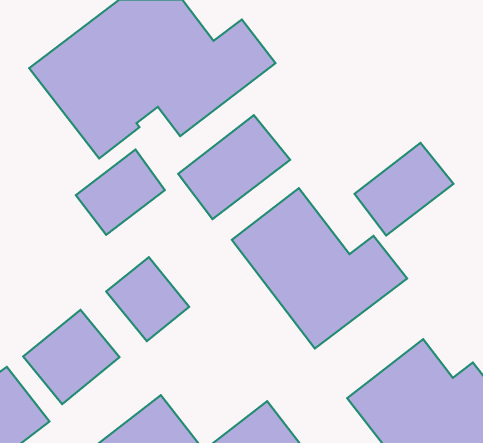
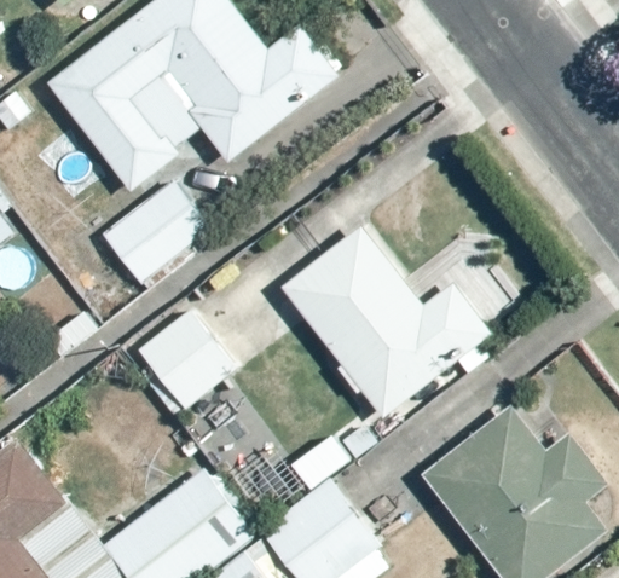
building: [178,115,290,219] -> none
building: [354,143,453,236] -> none
building: [23,310,119,404] -> none

